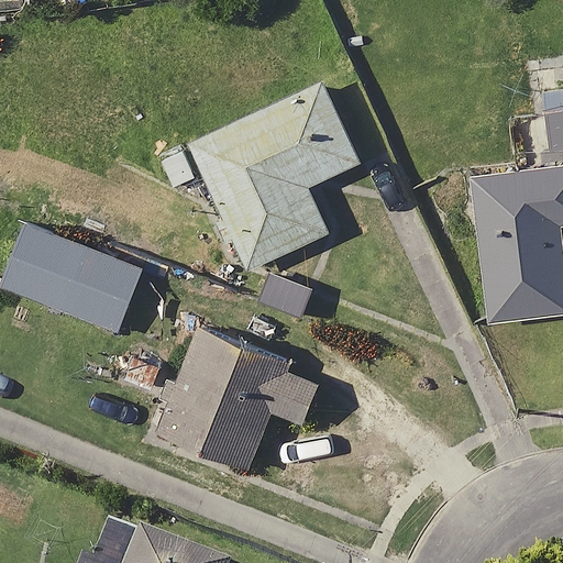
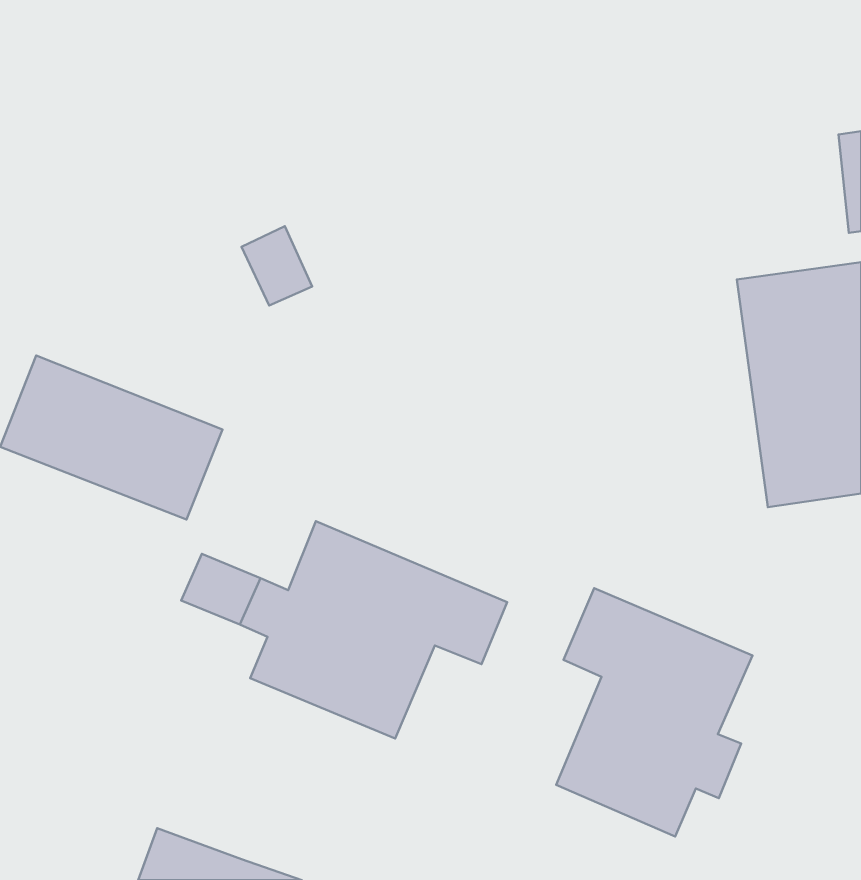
building: [185,75,361,275] -> none
building: none -> [556,588,753,836]

